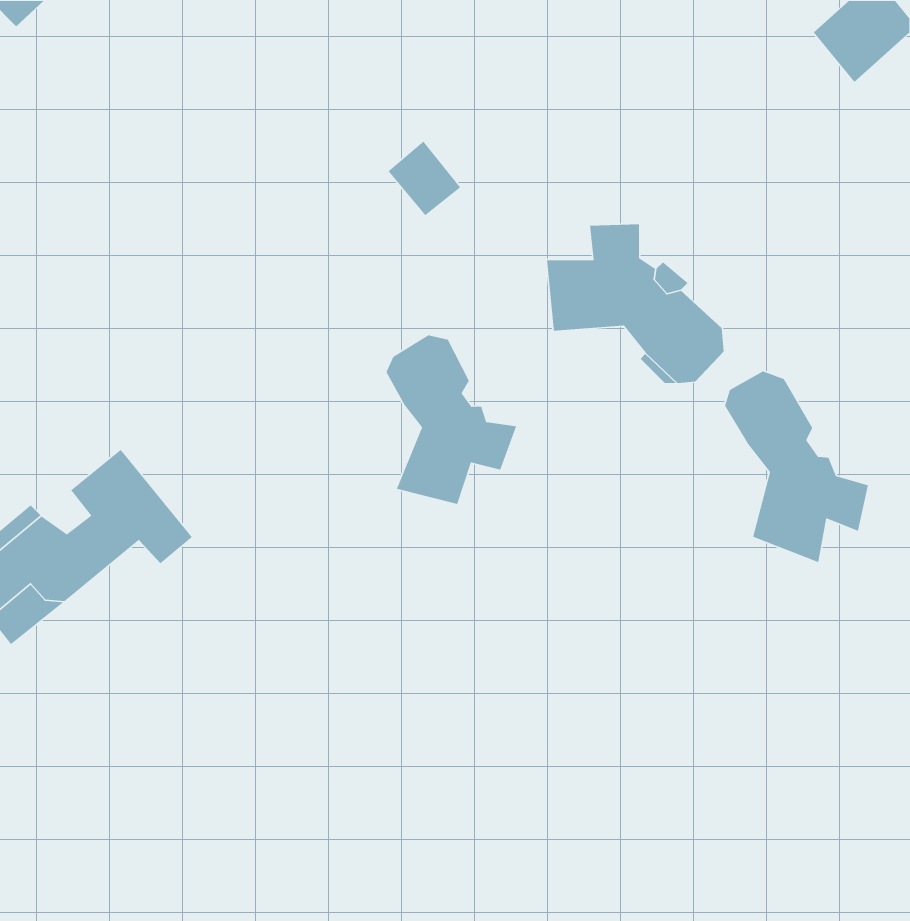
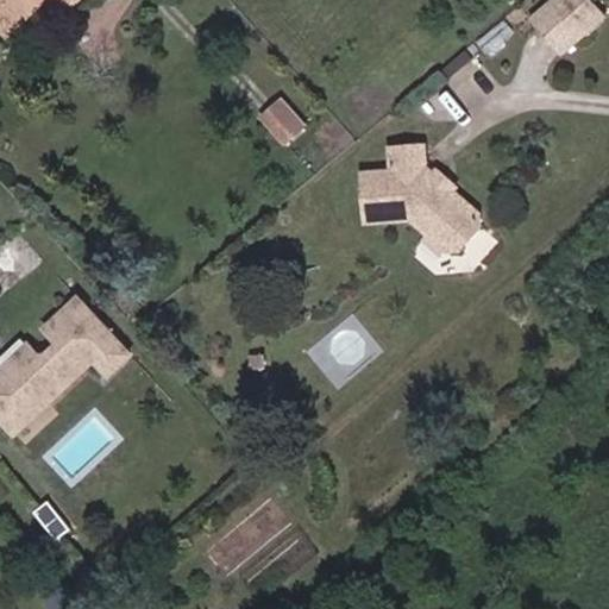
building: [386,335,517,505] -> none
building: [724,370,869,563] -> none

